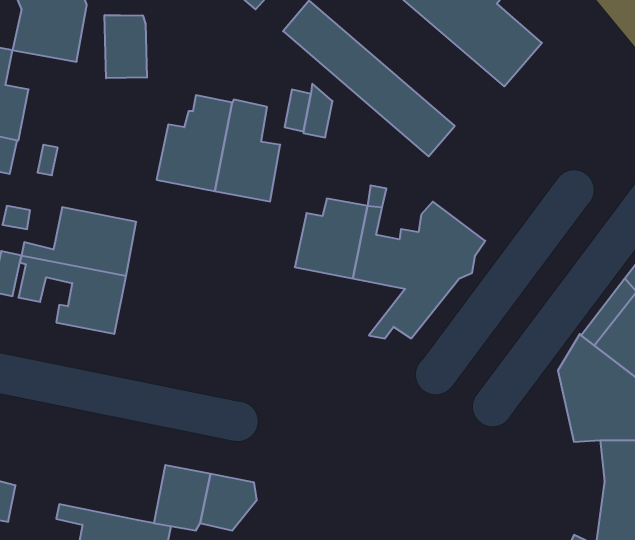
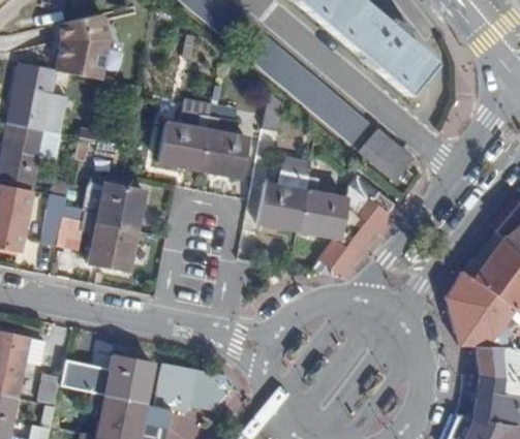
building: [105,15,147,78] -> none
building: none -> [359,128,415,181]
building: none -> [60,355,154,403]

